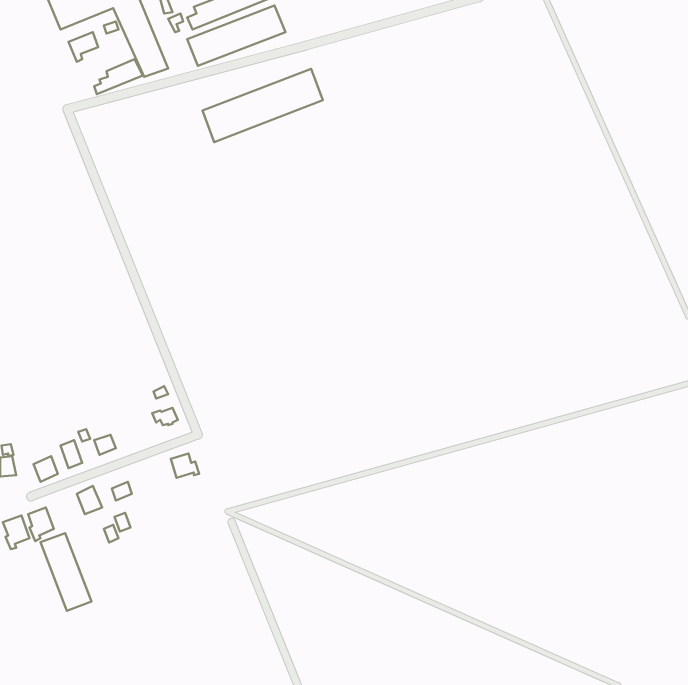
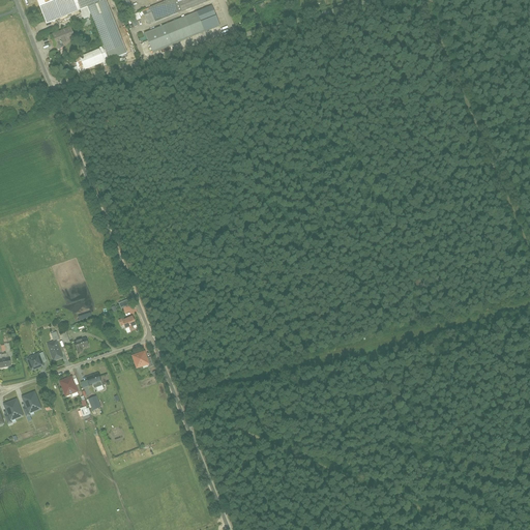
building: [202,69,323,142] -> none
building: [41,533,92,611] -> none

